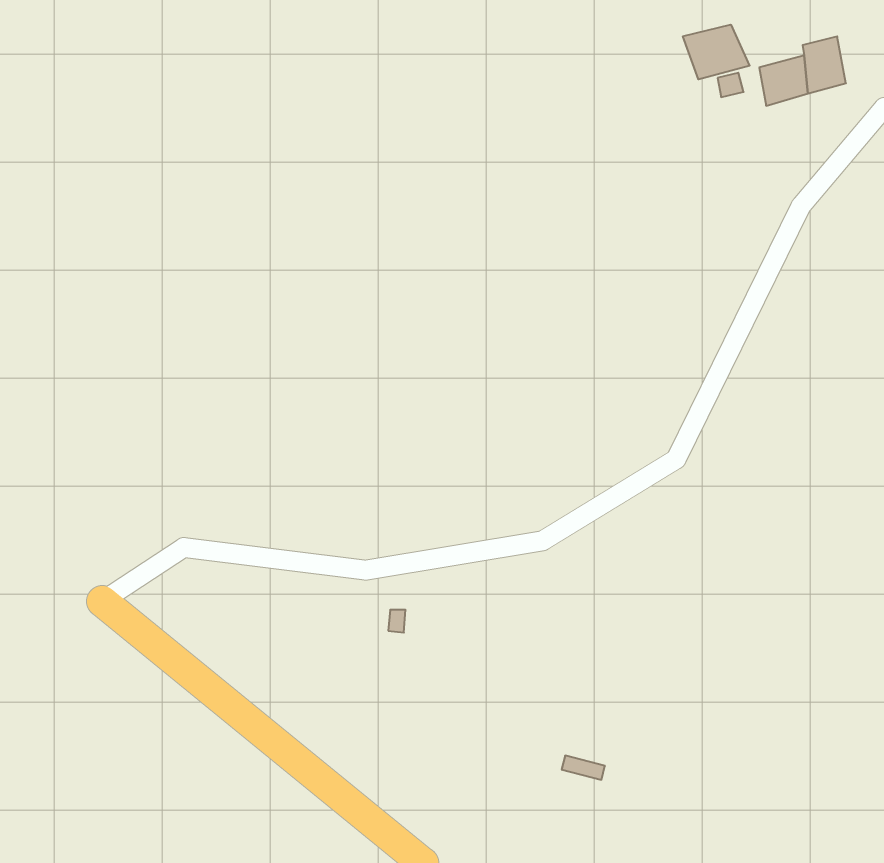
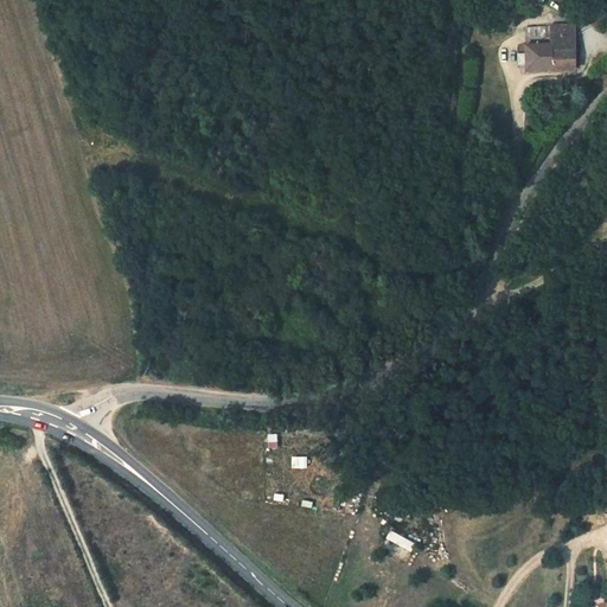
building: [683,25,750,79] -> none

